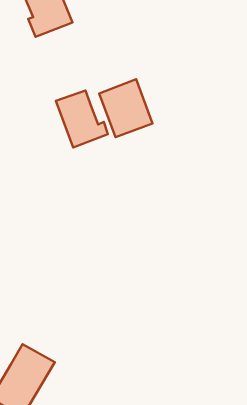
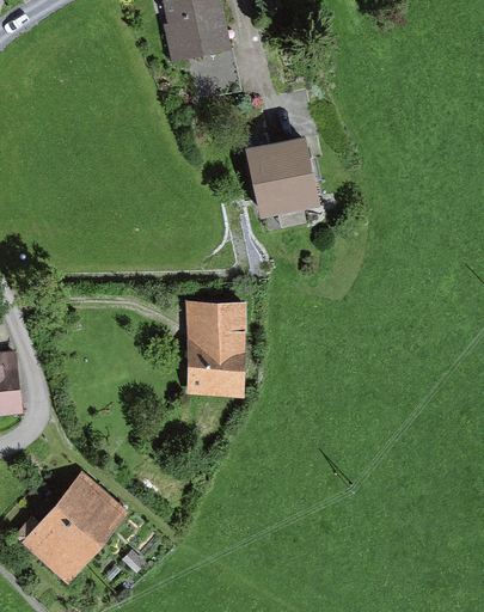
building: [56,90,108,147] -> none
building: none -> [185,304,249,399]

